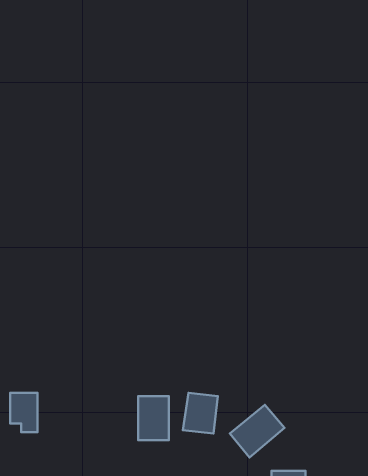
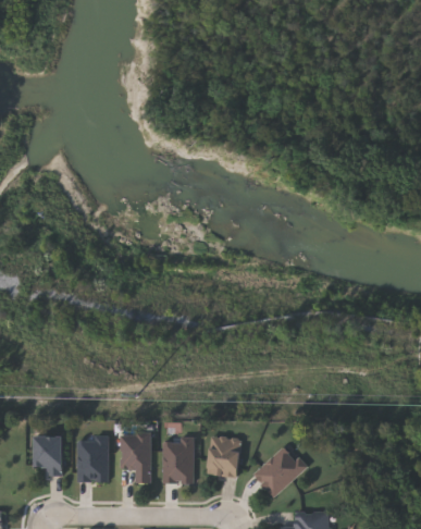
building: none -> [120,432,149,482]
building: none -> [76,438,107,480]

